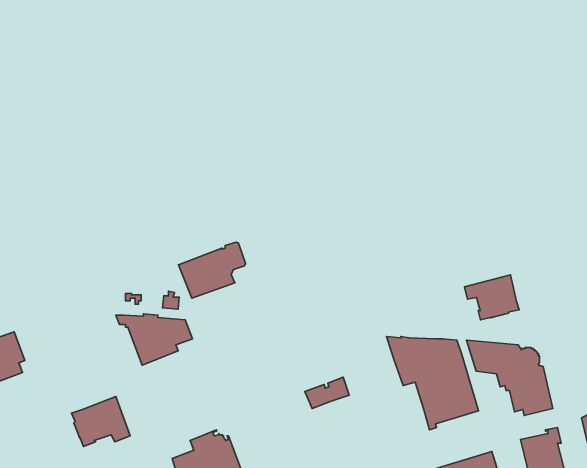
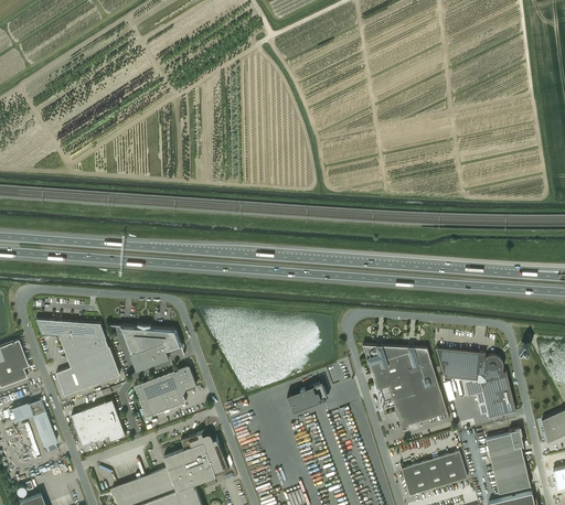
building: [179,242,246,298] -> [134,366,195,418]
building: [465,275,519,320] -> none
building: none -> [35,320,119,396]
building: none -> [10,401,55,448]

